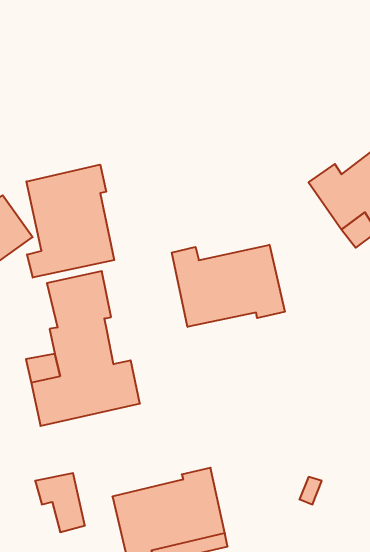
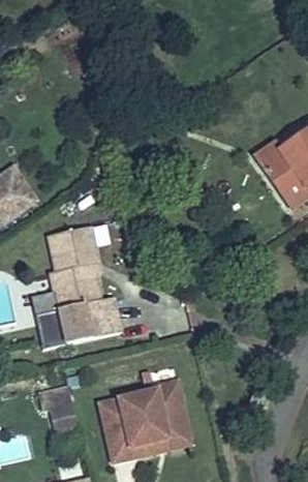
building: [26,165,114,278] -> none
building: [172,245,285,327] -> none

